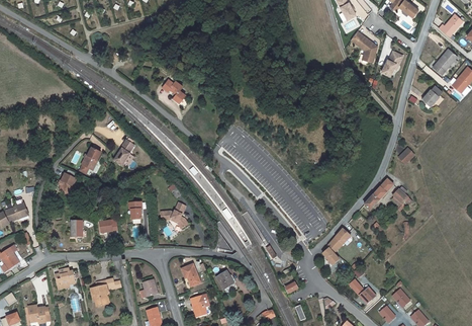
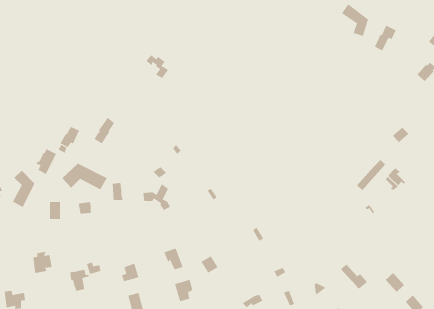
building: none -> [62,163,108,190]
building: none -> [12,170,35,208]
building: [323,229,351,265] -> none

